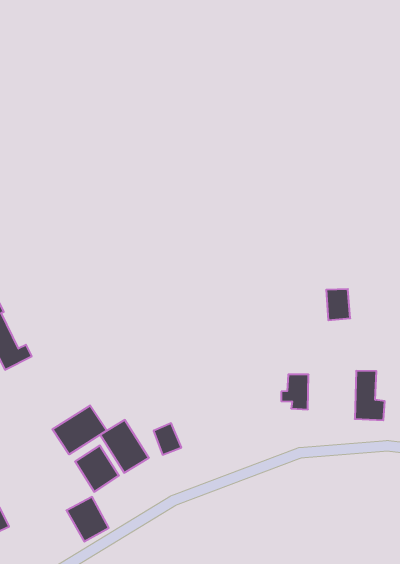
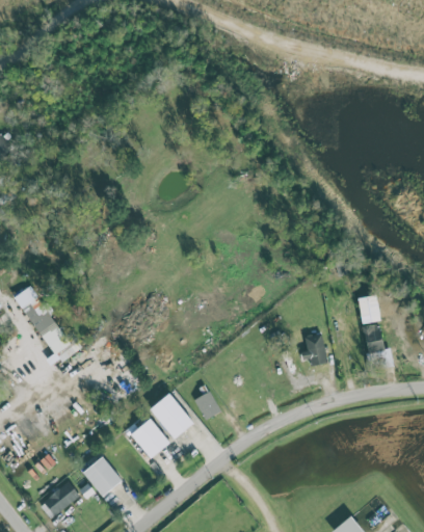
building: [326,289,350,320] -> [356,295,380,324]
building: [52,405,107,454] -> none
building: [66,497,109,542] -> [82,456,121,496]

